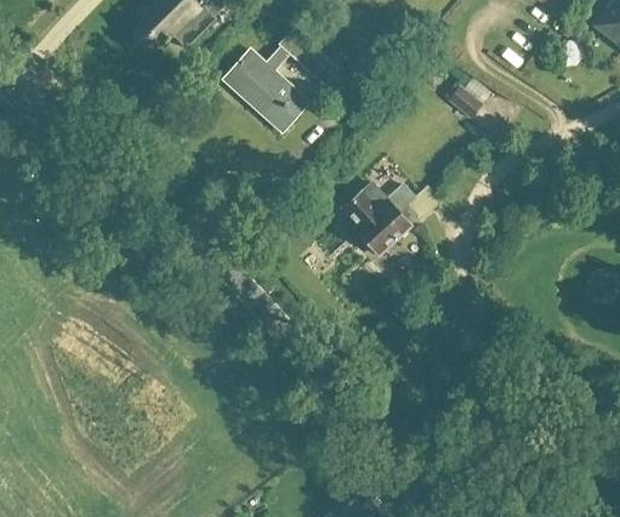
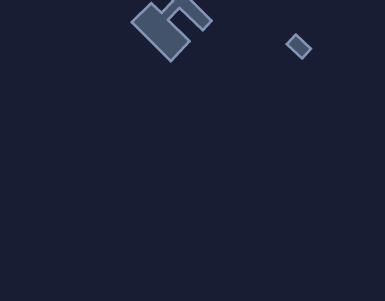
building: [341,183,415,257] -> none

